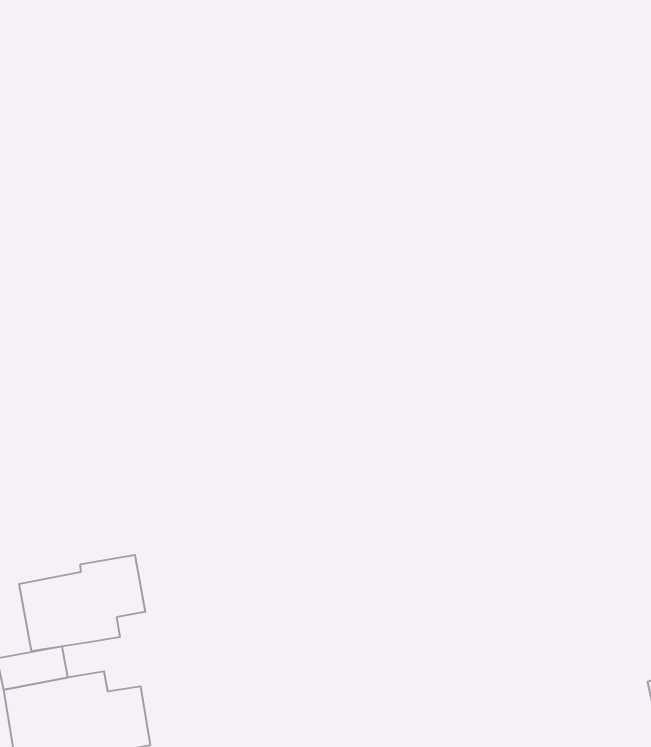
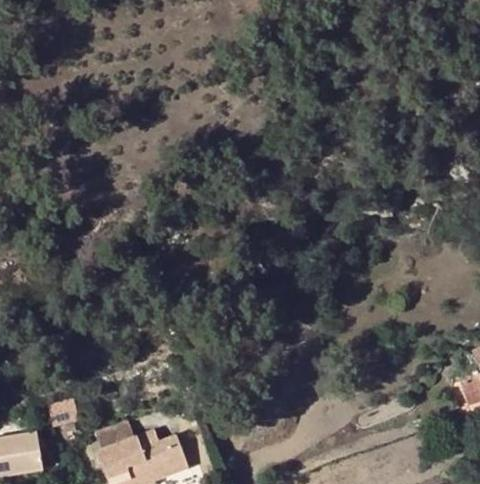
building: [19,555,145,651] -> none

